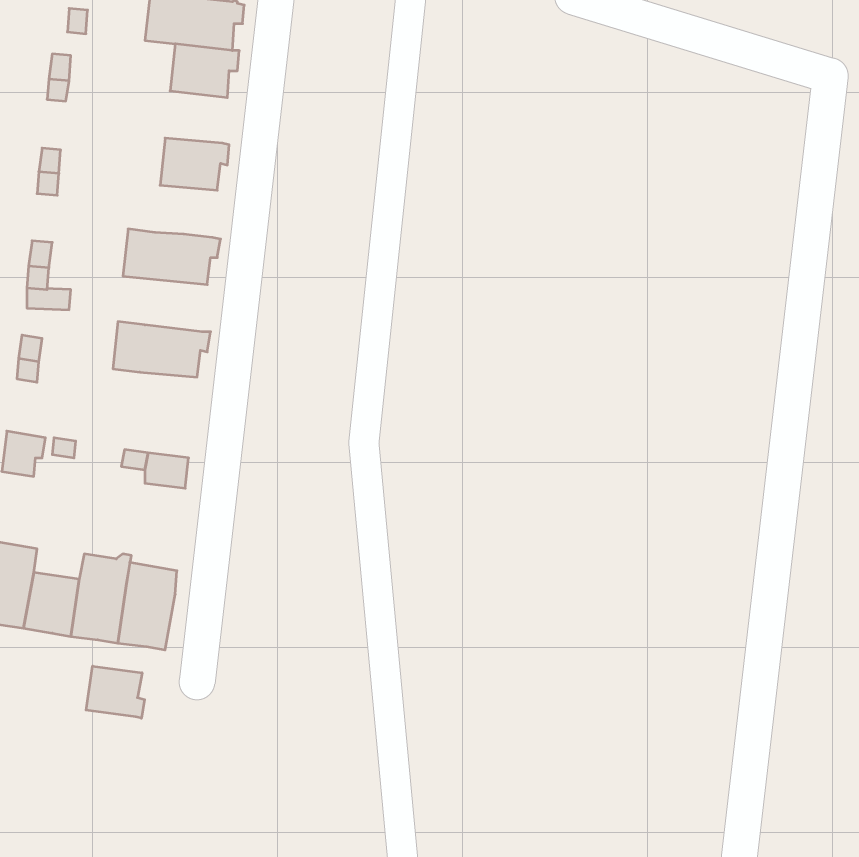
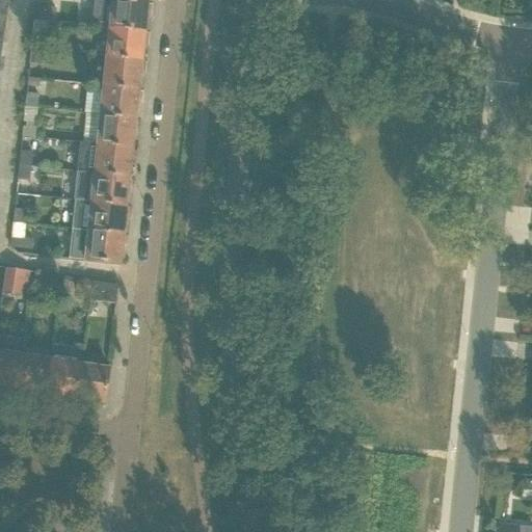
building: none -> [102,56,144,88]
building: none -> [96,114,138,147]
building: none -> [73,170,133,205]
building: none -> [83,230,127,263]
building: [86,666,145,718] -> none

